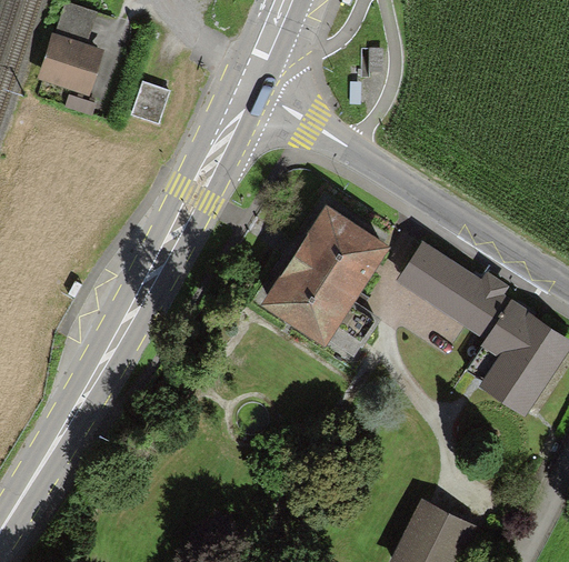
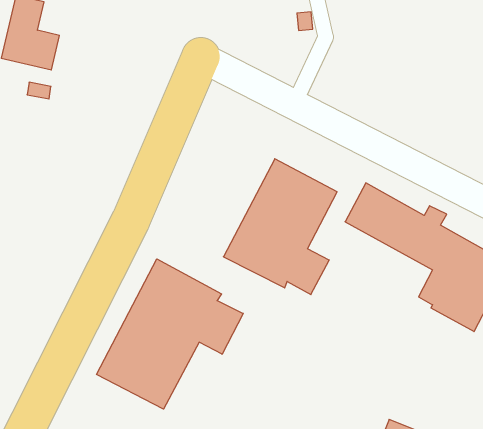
building: [130,79,171,123] -> none
building: none -> [97,259,243,409]

